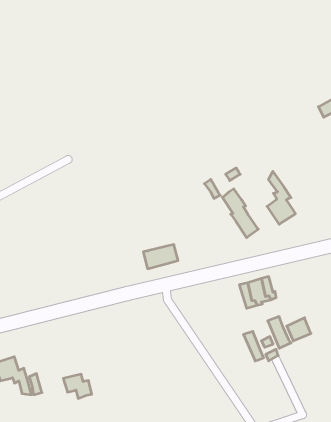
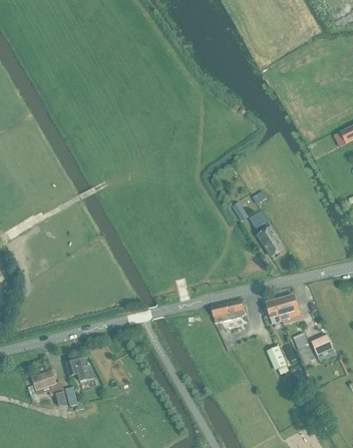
building: [267,171,295,224] -> none
building: [143,245,178,269] -> [211,300,244,323]
building: [63,374,92,398] -> [66,359,93,382]

